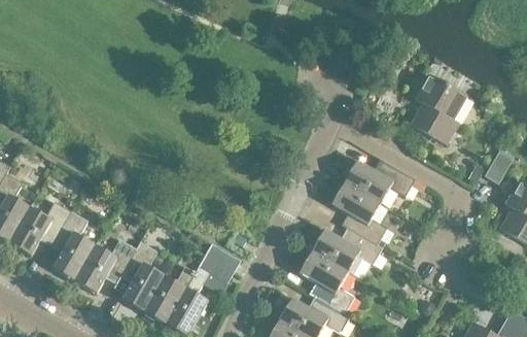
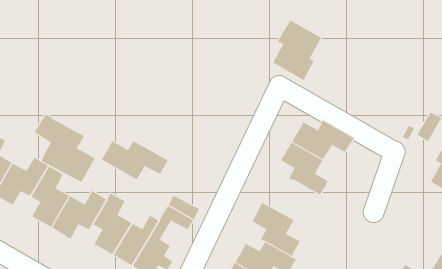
building: [411,75,466,144] -> [273,20,322,81]
building: none -> [34,113,96,183]
building: none -> [101,141,169,180]
building: [311,227,382,274] -> none

